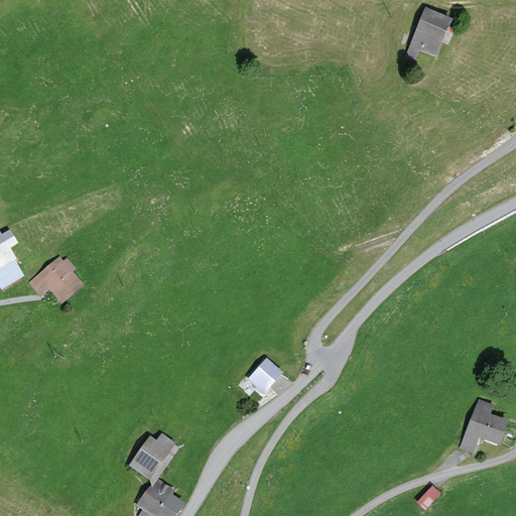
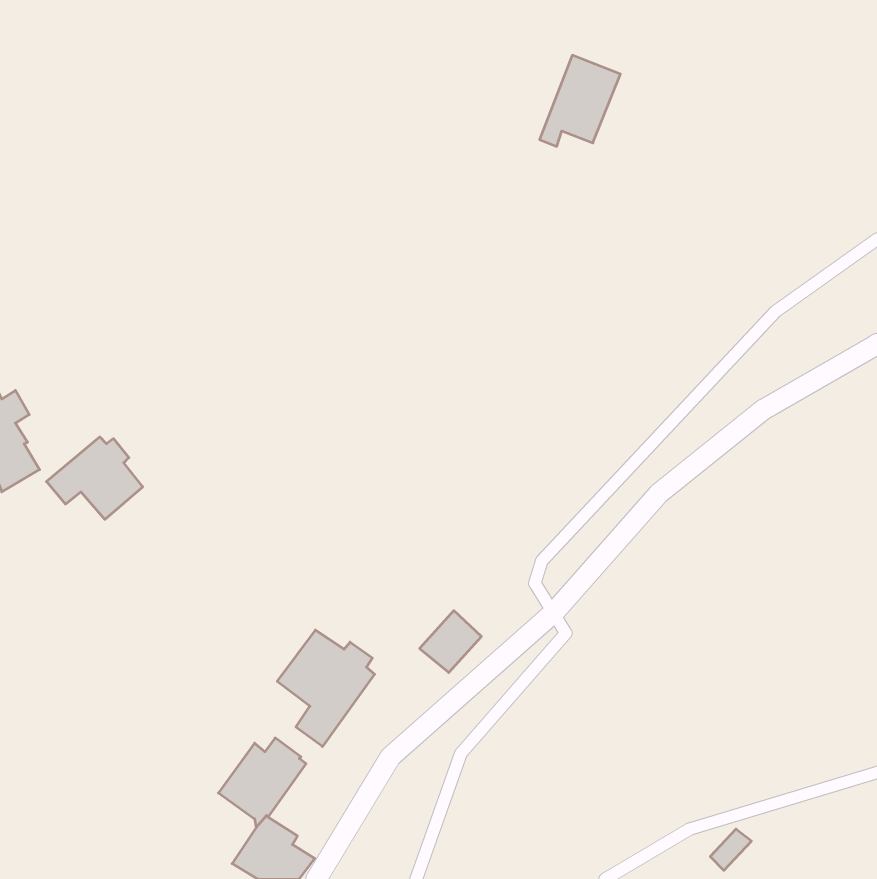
building: [405,7,453,60] -> [540,55,620,146]
building: none -> [277,630,375,747]
building: [460,399,508,453] -> none

